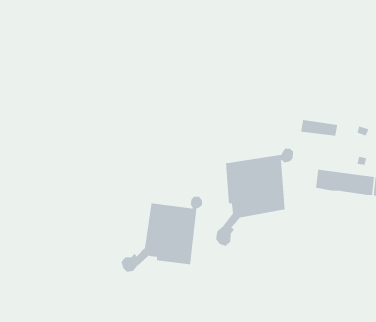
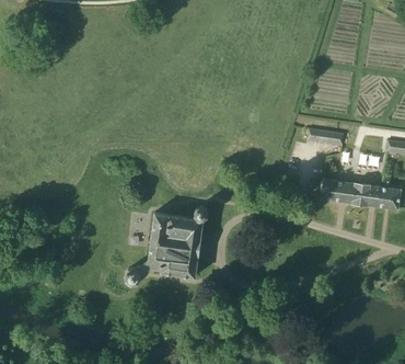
building: [215,148,294,247] -> none

